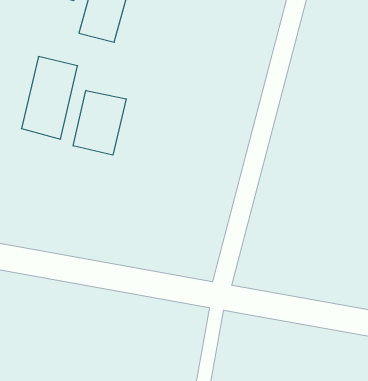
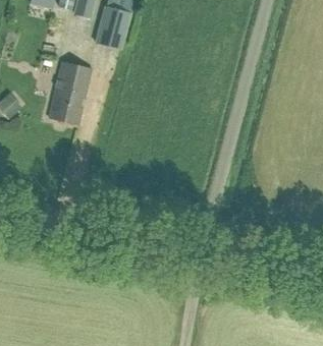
building: [73,90,126,155] -> none

